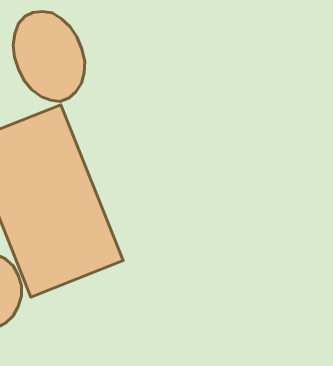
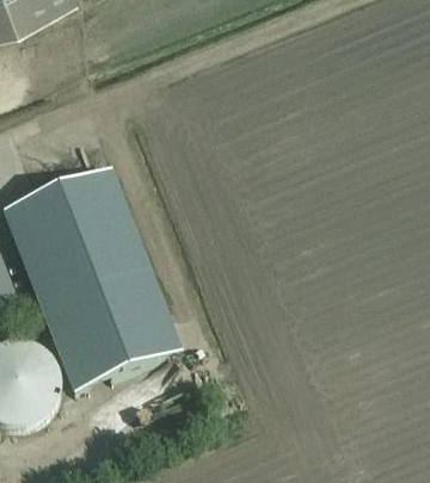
building: [13,11,85,101] -> none

